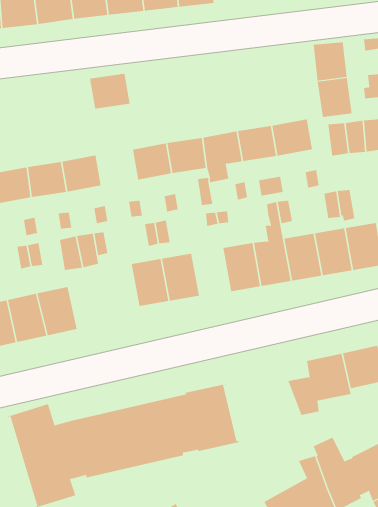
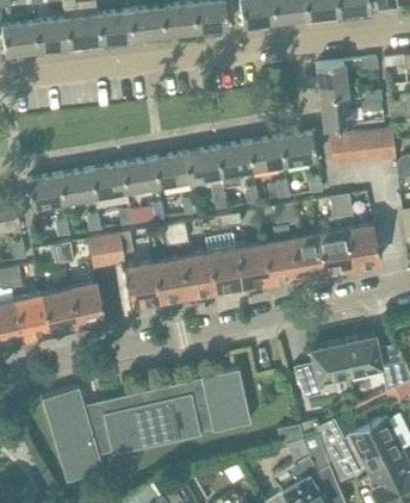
building: [89,73,131,109] -> [122,160,159,192]
building: none -> [207,248,242,291]
building: none -> [125,262,160,305]

